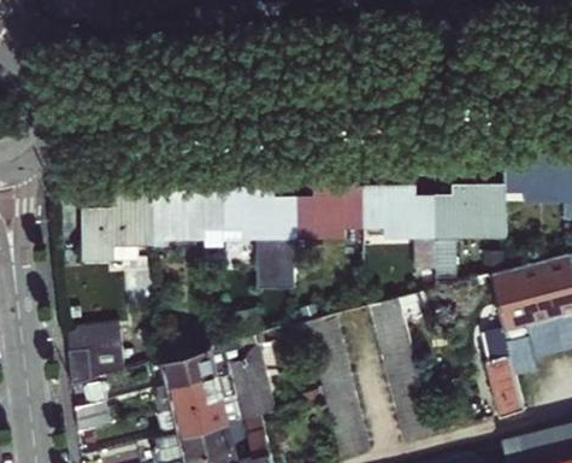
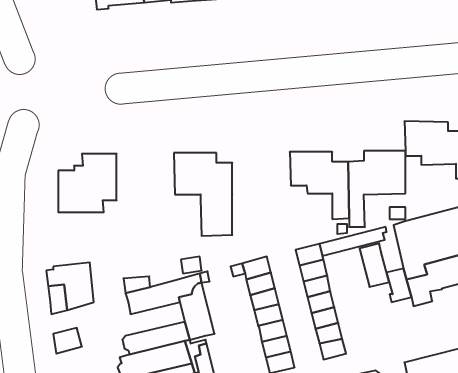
building: [152,180,223,246] -> none
building: [293,187,364,239] -> none
building: [487,364,523,417] -> [360,243,389,287]
building: [154,370,235,411] -> none

